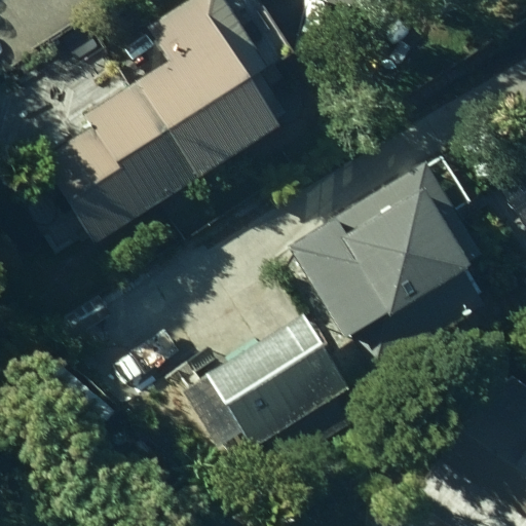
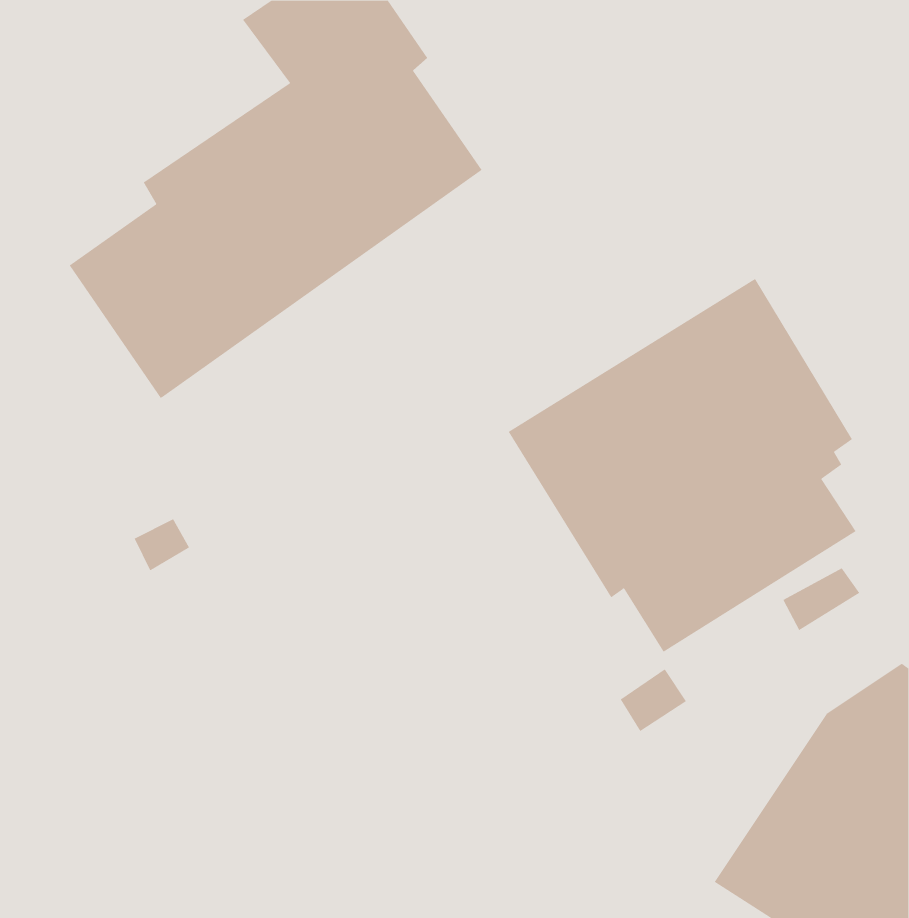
building: [206,316,351,451] -> none

